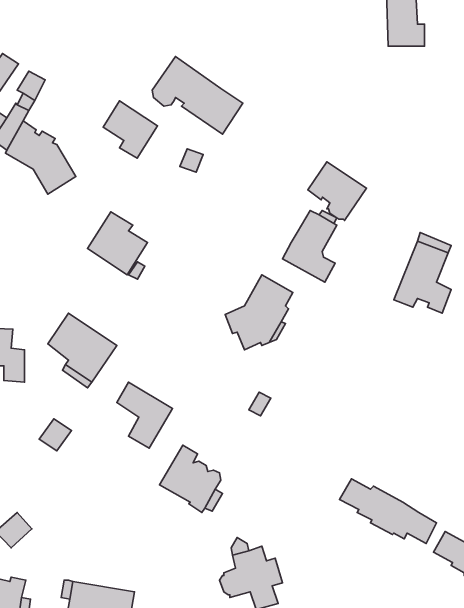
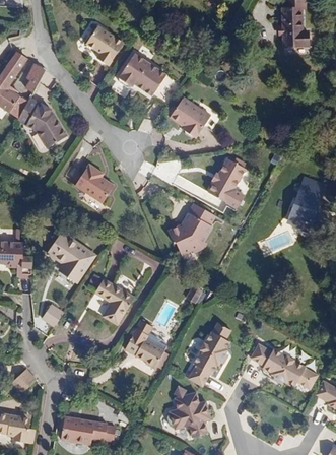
building: [103,101,158,158] -> [85,24,123,64]
building: [308,162,367,221] -> [170,96,210,137]
building: none -> [188,318,232,385]

